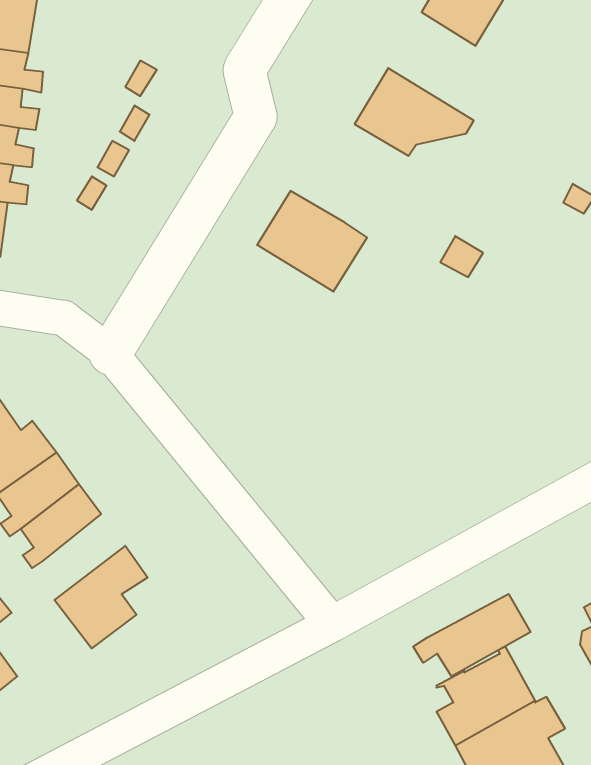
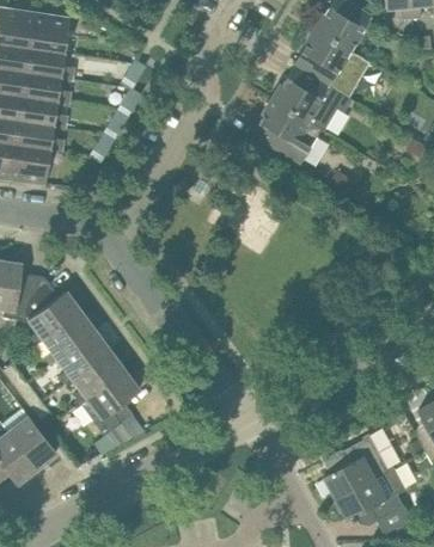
building: none -> [294,29,353,98]
building: [257,191,367,292] -> [251,100,322,165]
building: none -> [73,350,126,405]
building: [413,594,531,676] -> none

